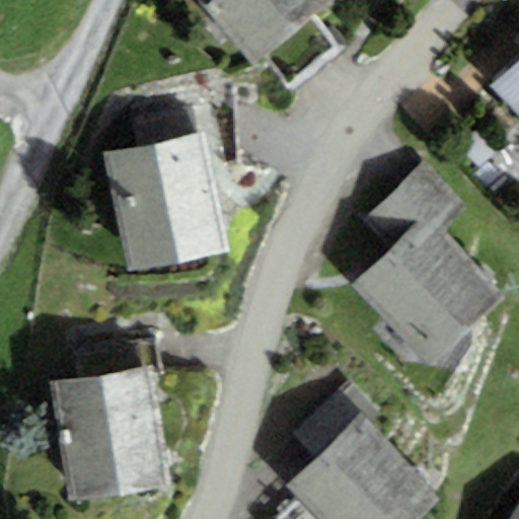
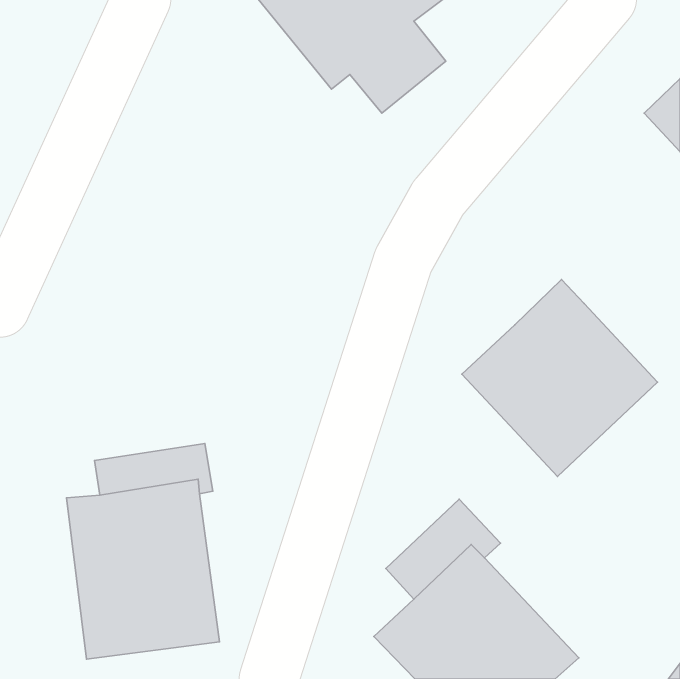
building: [105,134,227,274] -> none
building: [366,164,468,247] -> none

